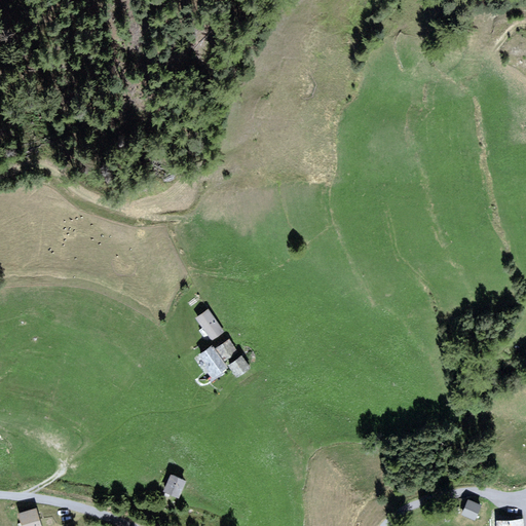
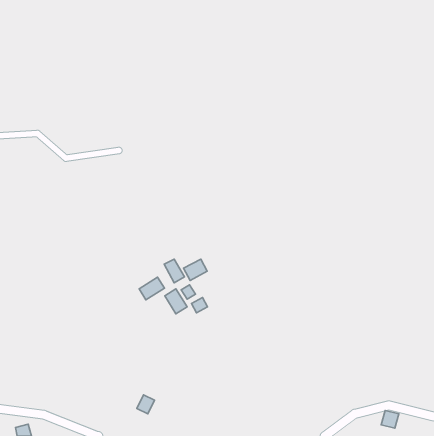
building: none -> [184,259,207,280]
building: none -> [139,277,165,300]

